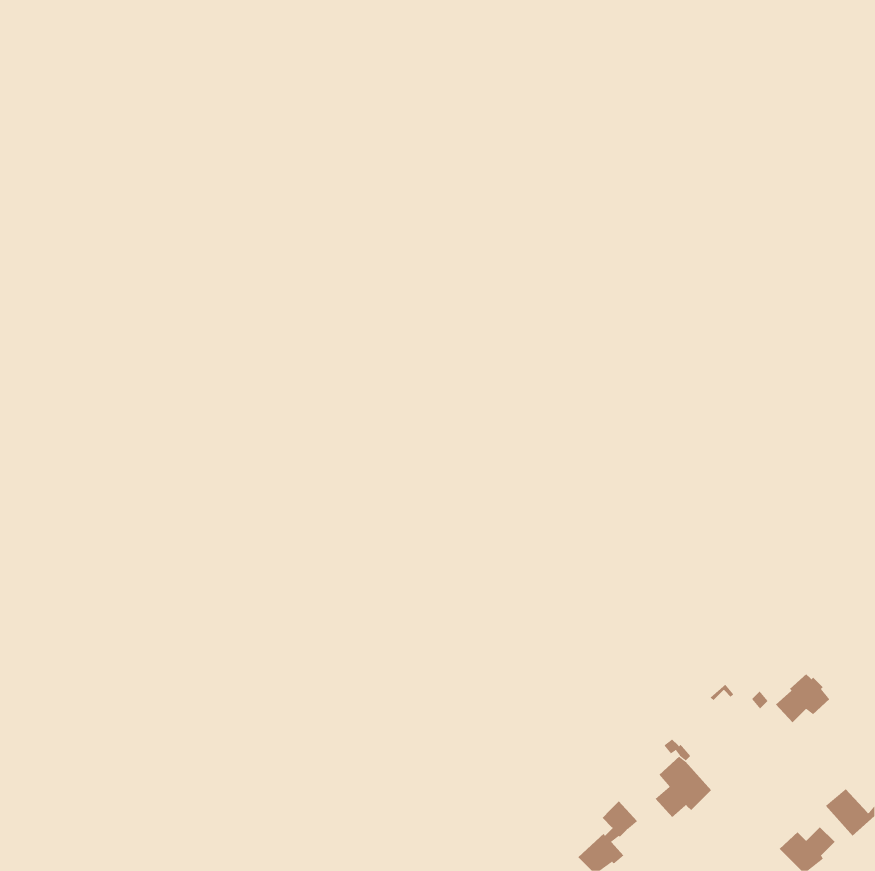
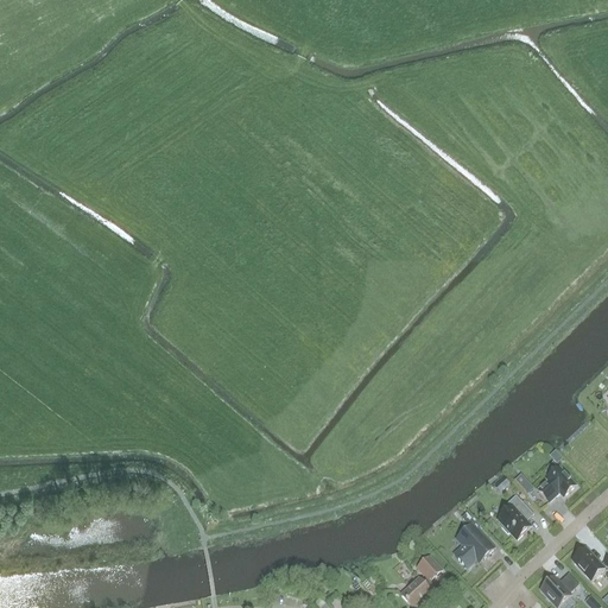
building: none -> [496,493,532,537]

